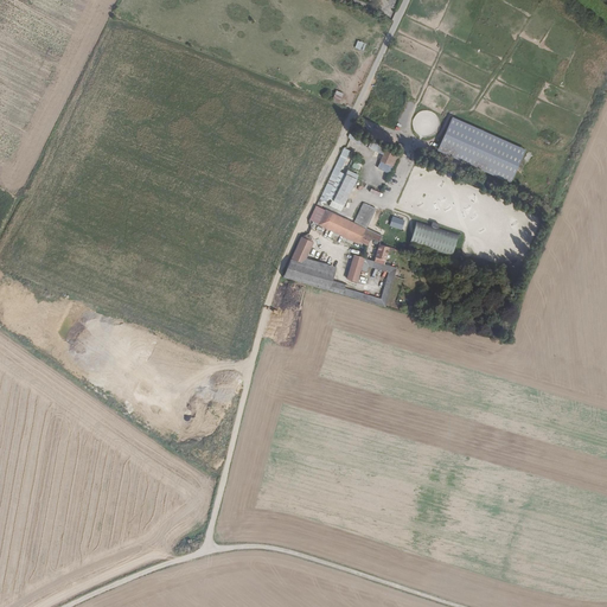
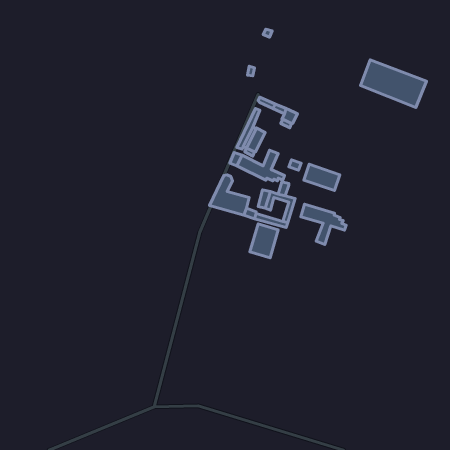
building: [437,117,526,181] -> [360,60,427,108]
building: none -> [301,204,346,244]
building: none -> [250,224,278,258]

